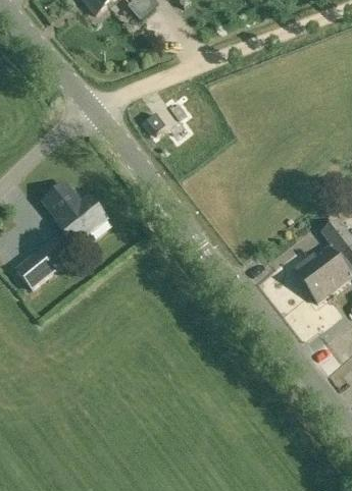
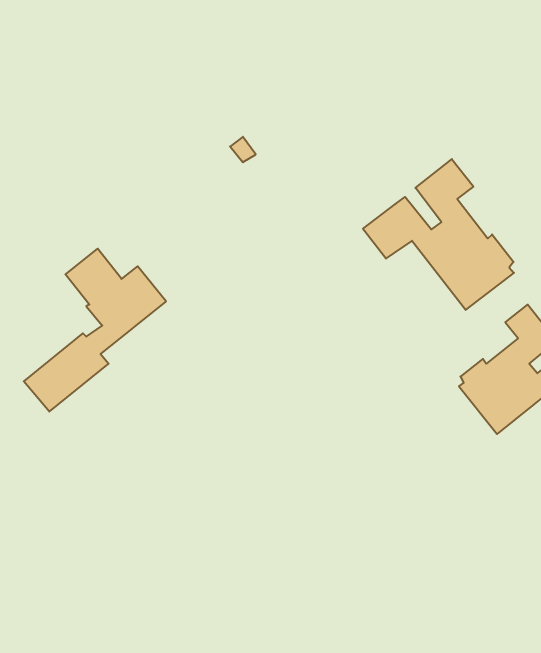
building: none -> [363,159,514,310]

